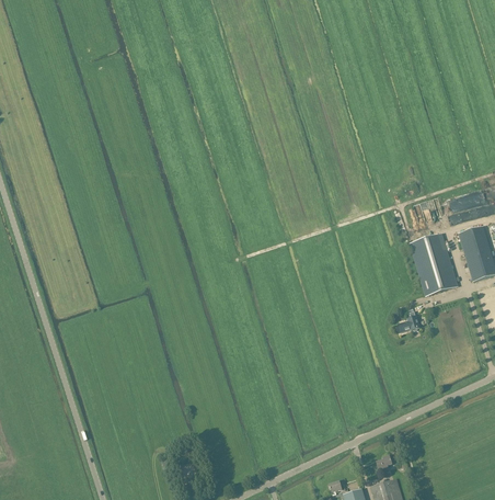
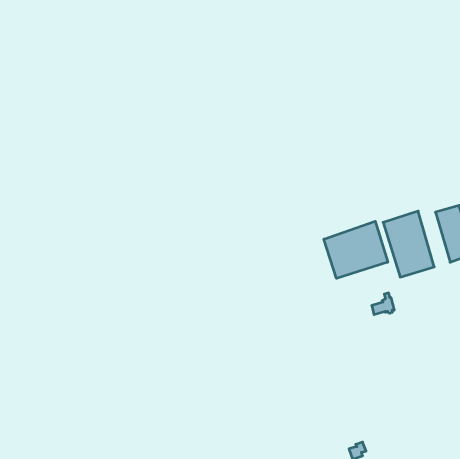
building: none -> [324,221,388,278]

